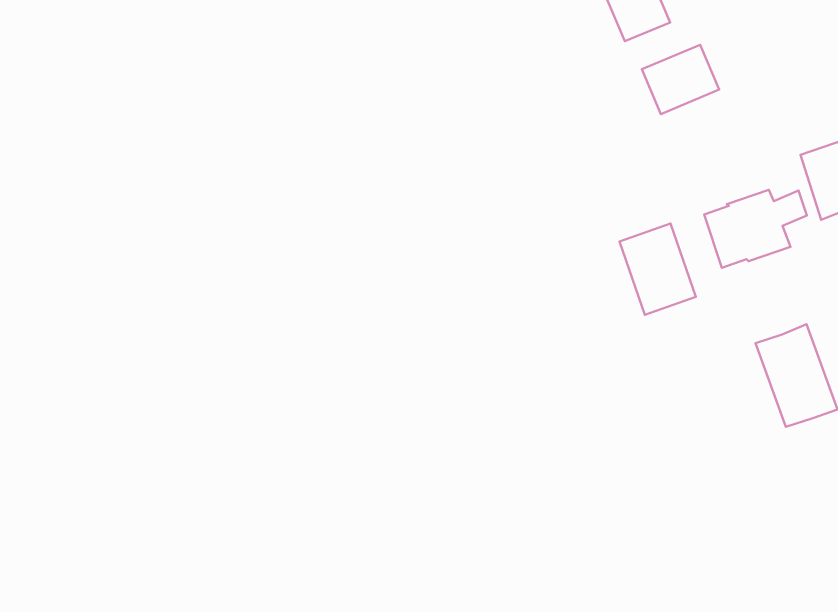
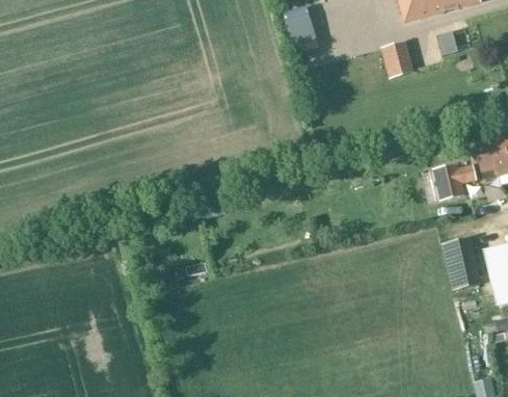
building: [642,45,719,114] -> none
building: [620,223,696,315] -> none

